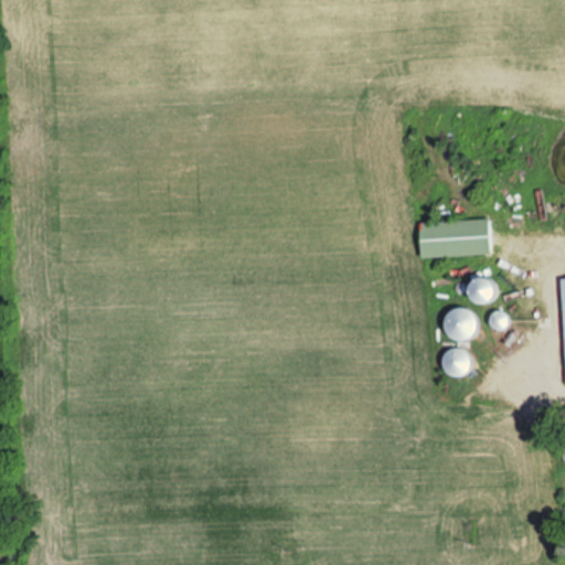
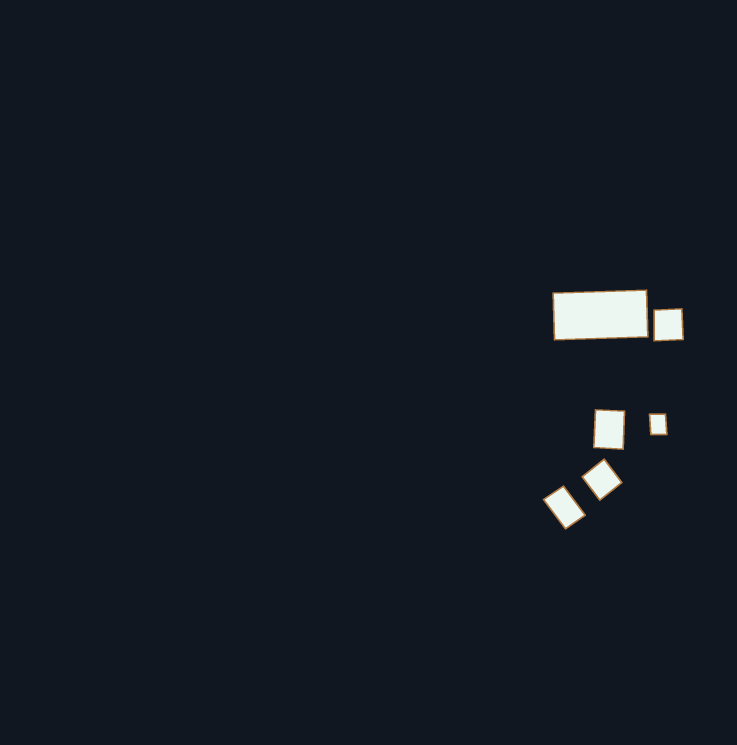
building: [475,278,497,302] -> [654,309,683,341]
building: none -> [544,486,585,529]

